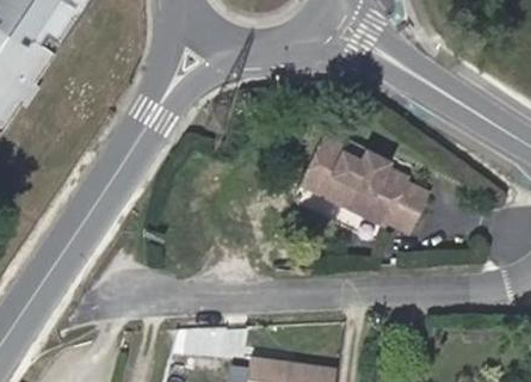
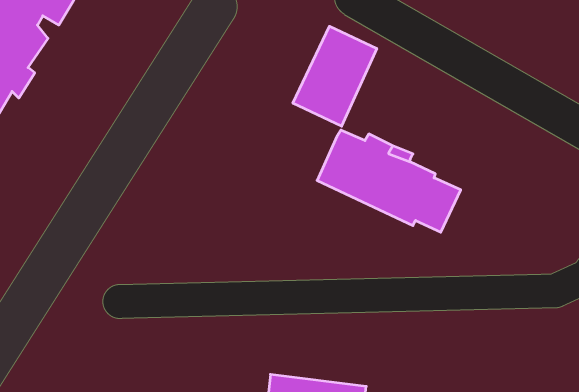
building: none -> [293,26,377,126]

